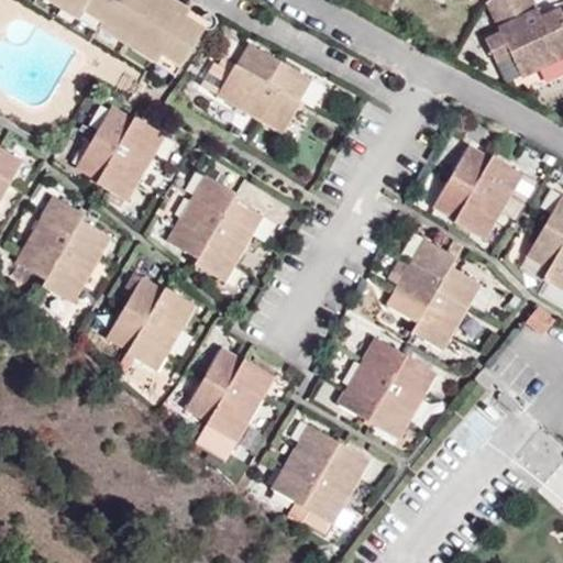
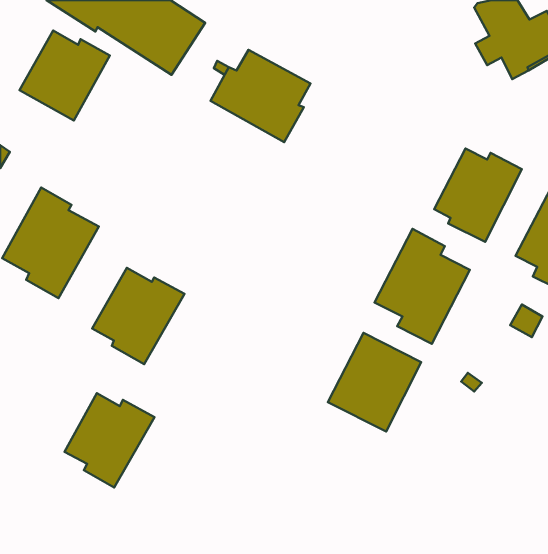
building: [69,104,161,196] -> [20,31,110,121]
building: [159,168,256,278] -> none
building: [188,350,279,445] -> [64,393,154,488]
building: [274,424,372,526] -> none

